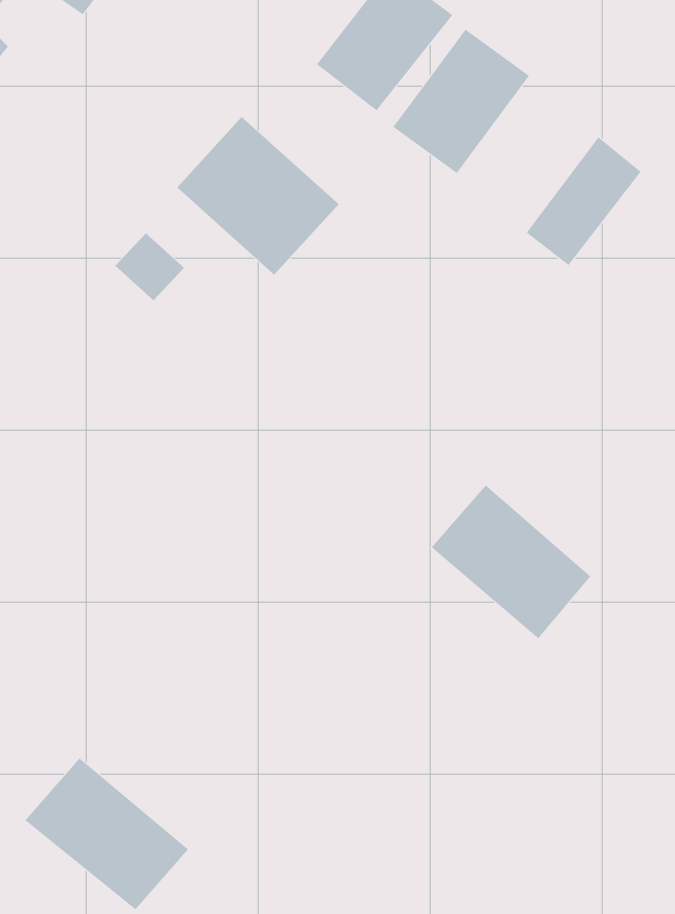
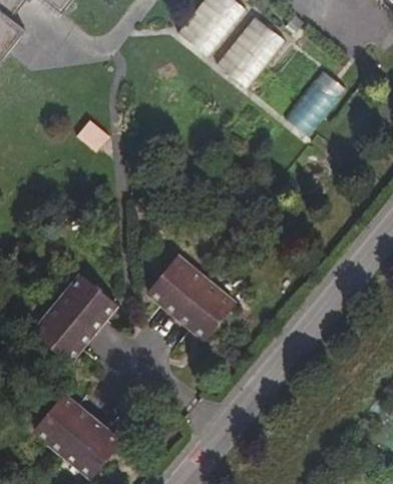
building: [176,116,339,276] -> none
building: [431,485,591,639] -> [145,253,228,332]
building: none -> [29,269,111,356]

